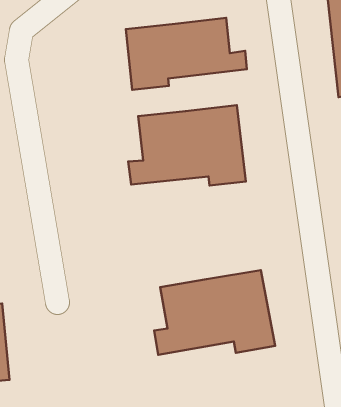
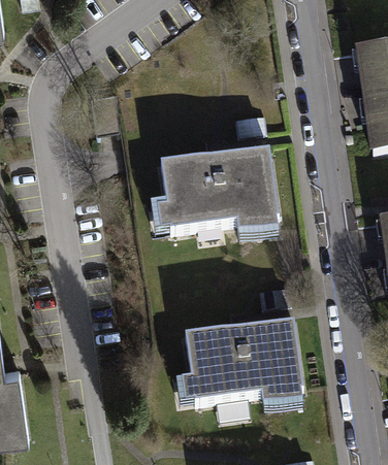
building: [126,18,247,90] -> none

